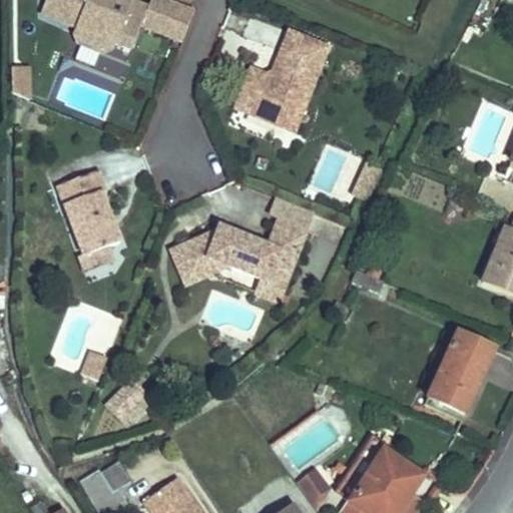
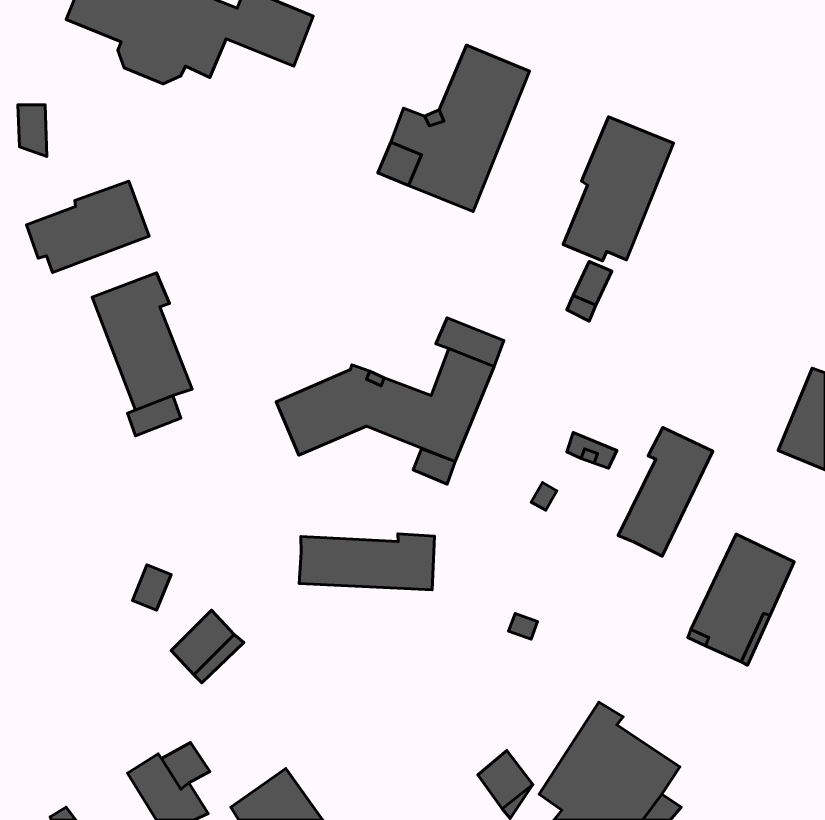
building: none -> [563,117,674,261]
building: none -> [26,181,149,272]
building: none -> [618,427,713,556]
building: none -> [299,534,435,590]

